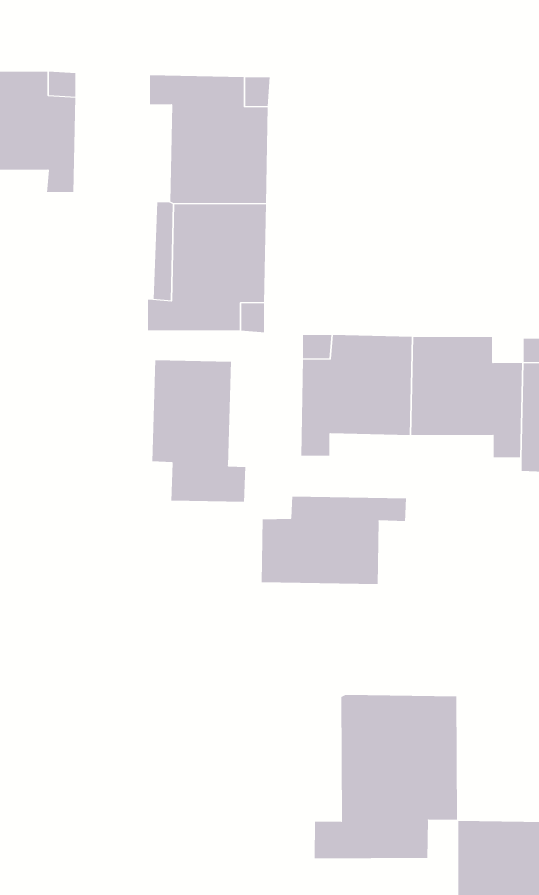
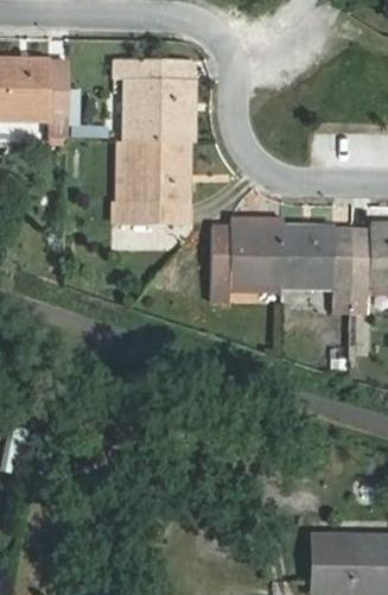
building: [152,360,246,502] -> none
building: [261,496,407,585] -> none
building: [314,694,457,859] -> none

